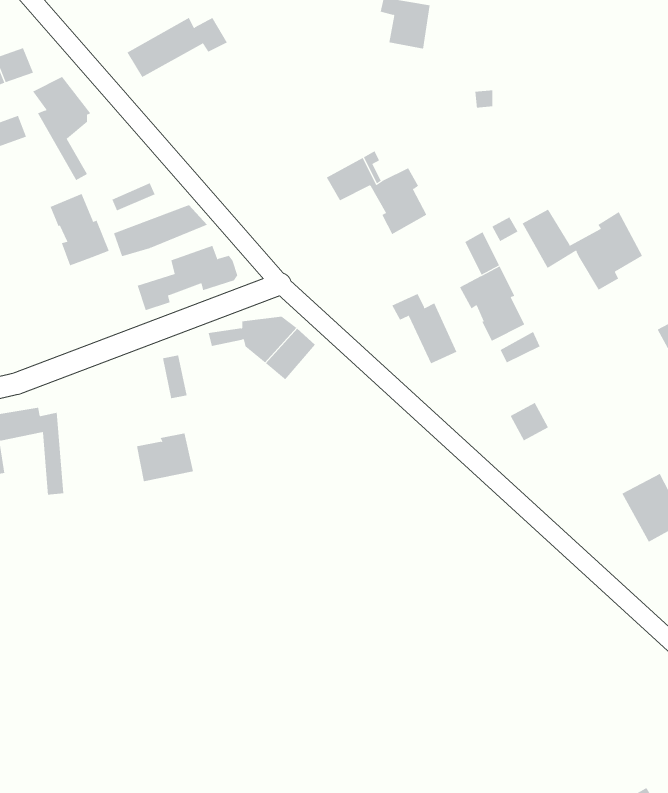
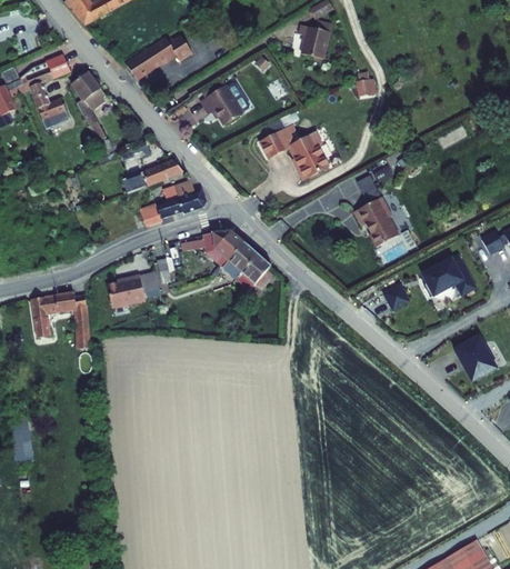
building: none -> [198,84,241,124]
building: [50,193,110,266] -> none
building: [522,209,643,290] -> none
building: [392,293,457,364] -> none
building: none -> [234,251,272,287]
building: none -> [420,257,473,298]
building: [136,433,194,482] -> [109,274,147,307]

